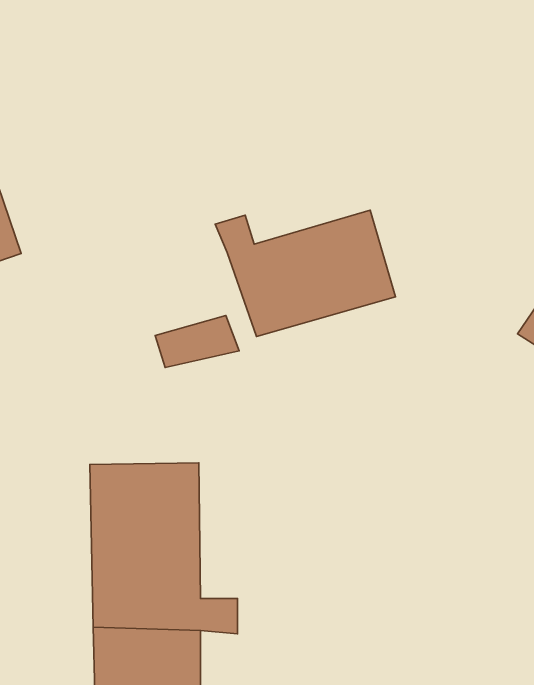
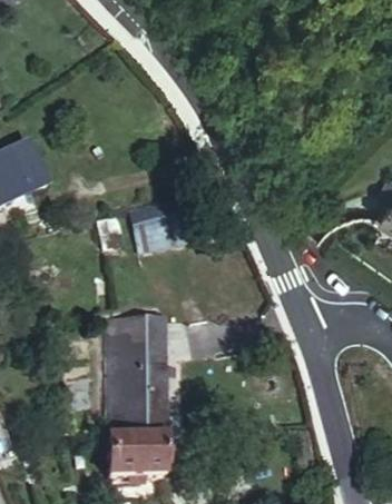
building: [215,210,396,337] -> none

